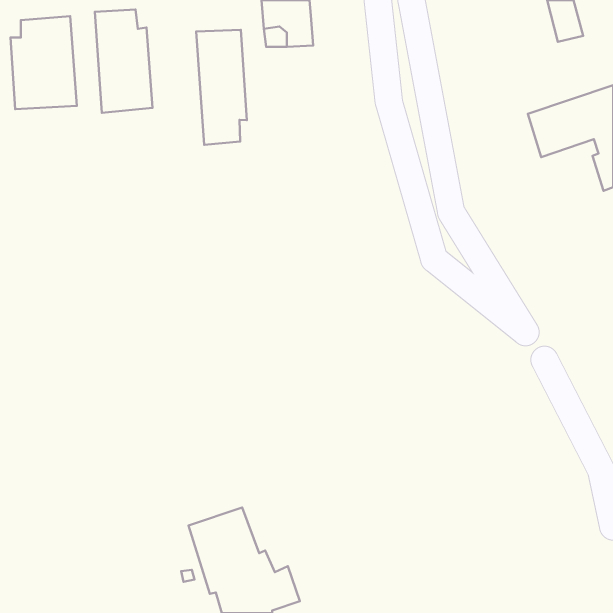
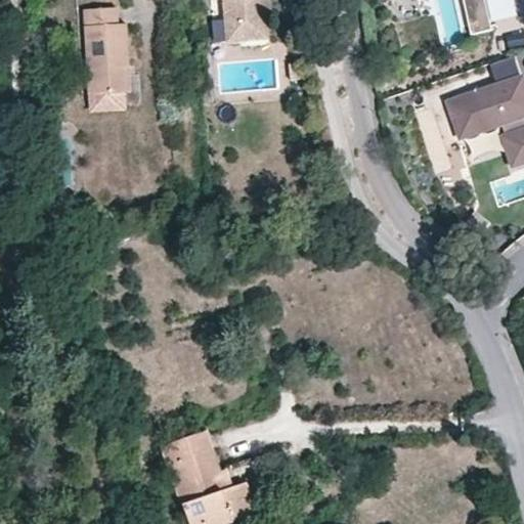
building: [11,16,77,109] -> none
building: [196,30,247,145] -> none

